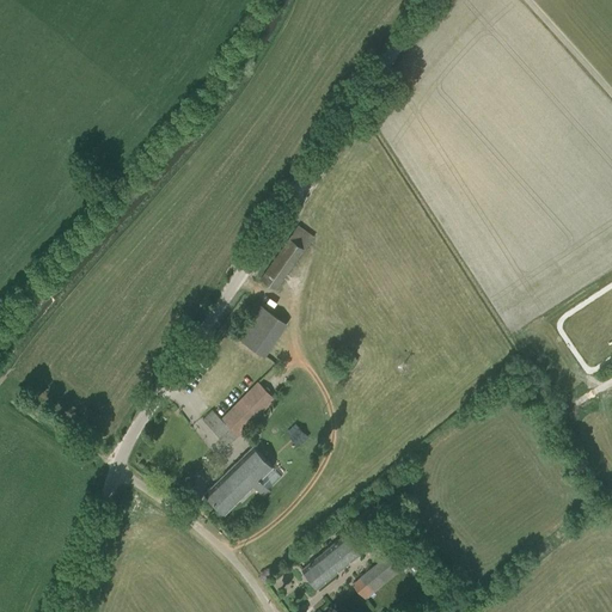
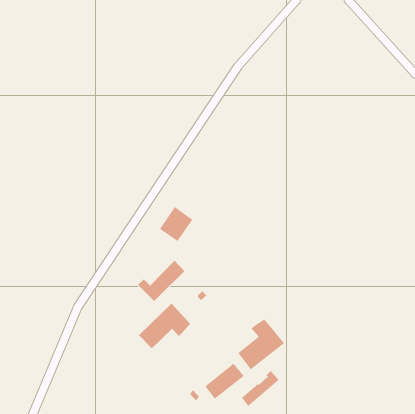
building: [261,227,311,289] -> none
building: none -> [237,319,285,370]

